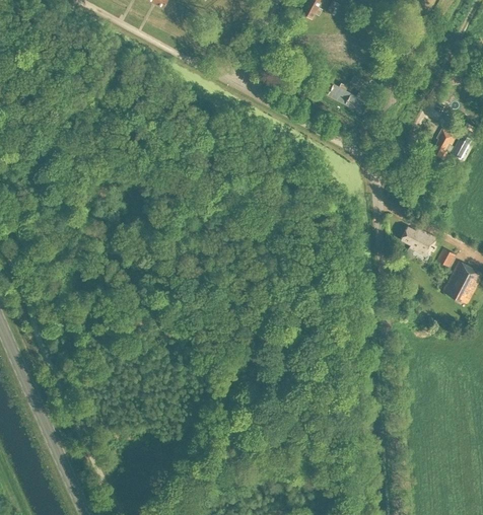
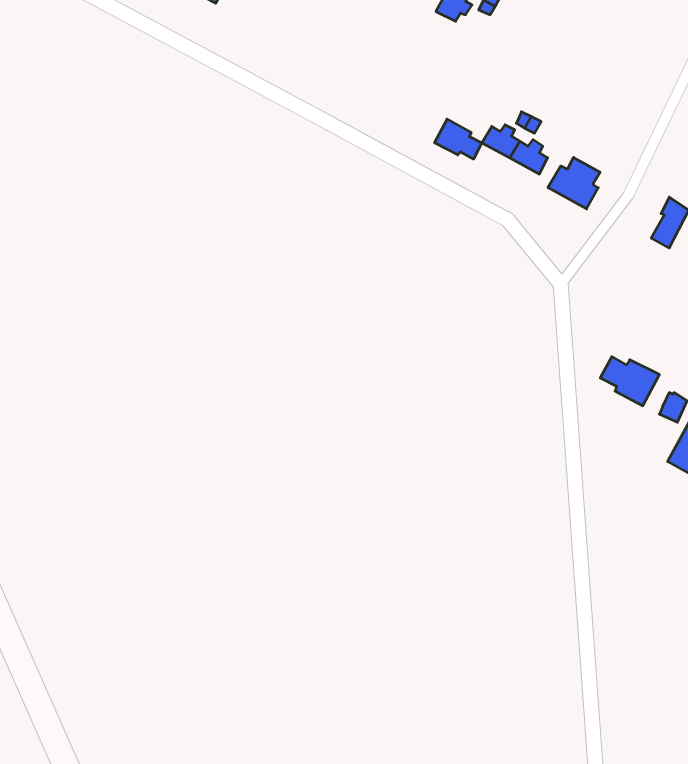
building: none -> [435,119,482,159]
building: none -> [548,157,600,209]

